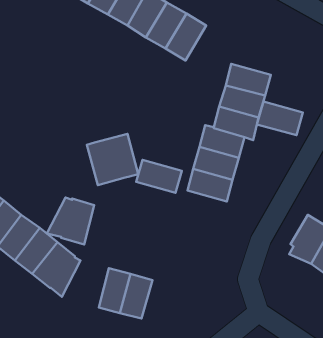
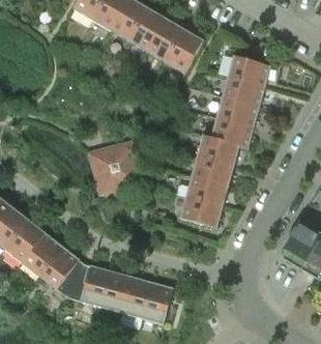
building: [257,101,303,135] -> [227,55,270,87]
building: [136,160,182,193] -> [179,197,223,228]
building: [47,198,94,245] -> [66,263,111,308]
building: none -> [142,282,173,324]

